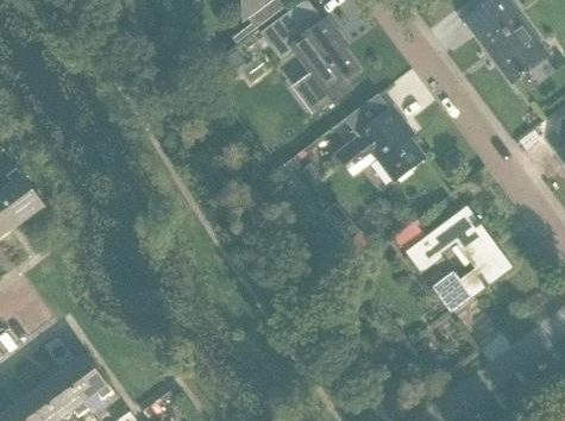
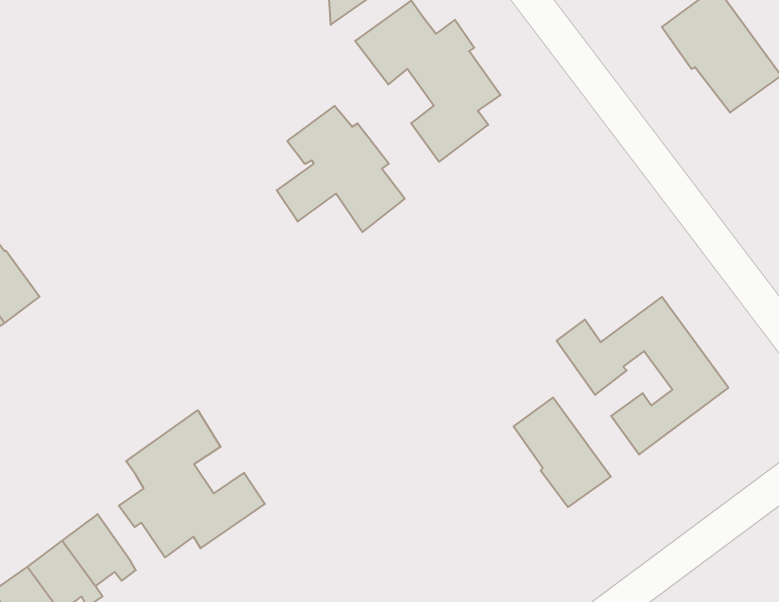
building: [338,94,425,180] -> [277,106,405,232]
building: none -> [514,398,611,507]
building: none -> [119,410,265,557]

